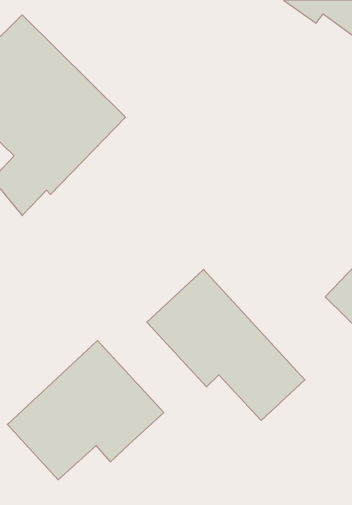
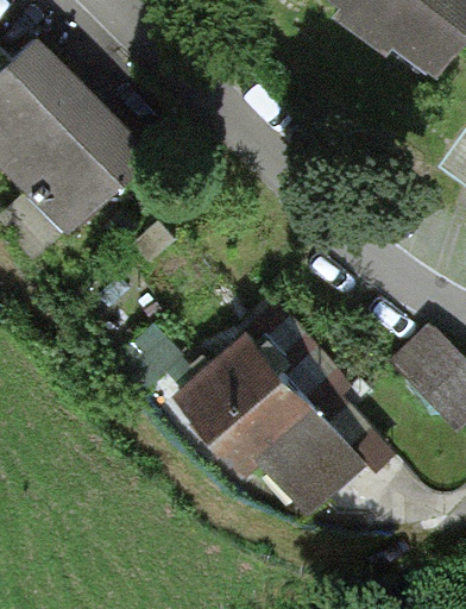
building: [7,341,164,480] -> none

